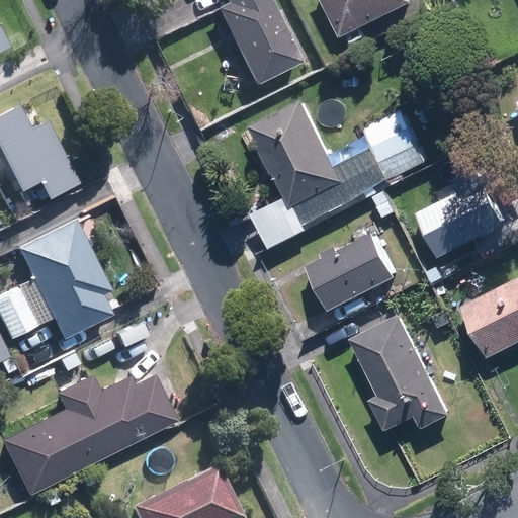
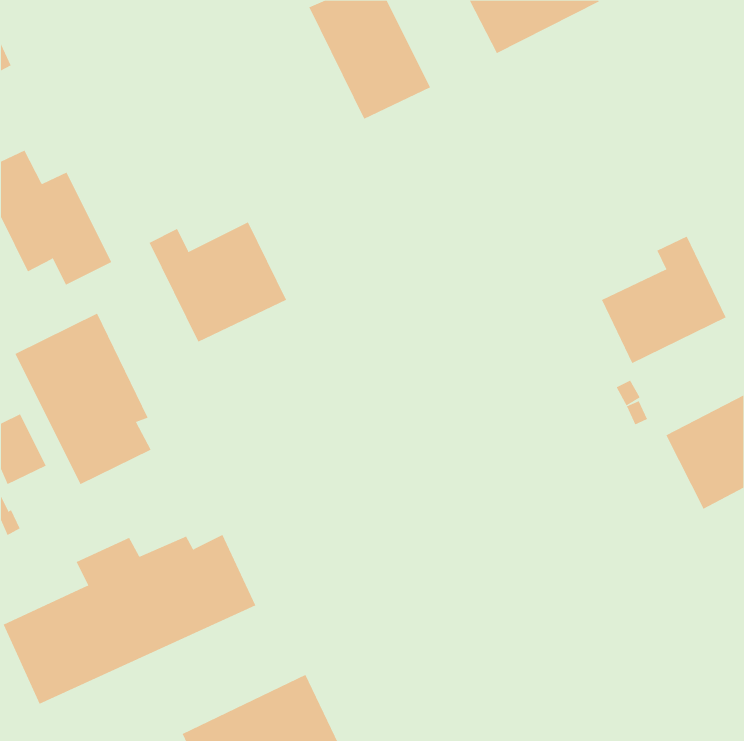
building: [250,100,426,249] -> none
building: none -> [149,222,287,343]
building: [309,234,397,311] -> none
building: [350,314,449,429] -> none

